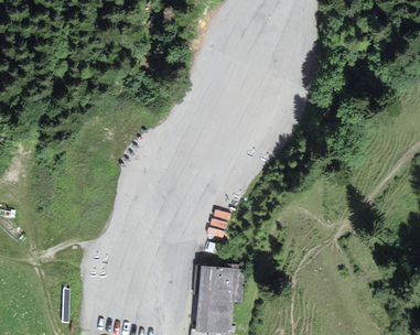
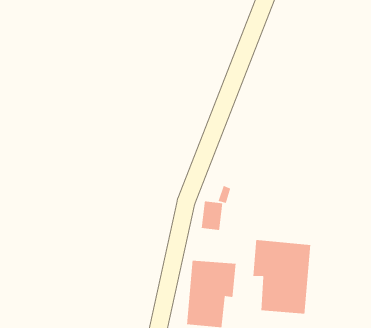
building: none -> [253,239,311,314]

